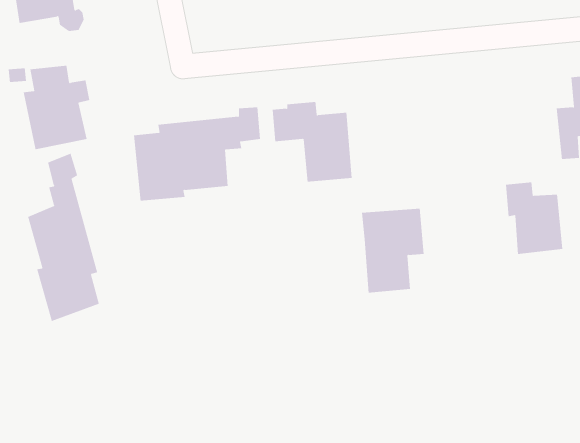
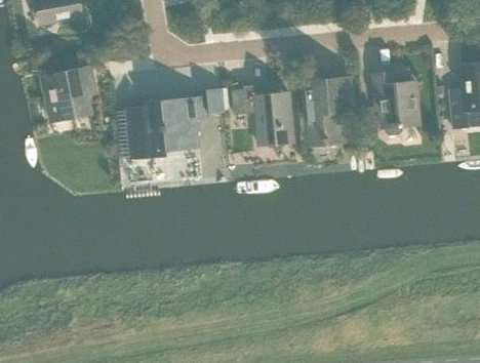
building: [27,153,100,322] -> none
building: [505,182,563,255] -> [373,73,417,128]
building: [361,208,424,293] -> [304,77,352,142]

